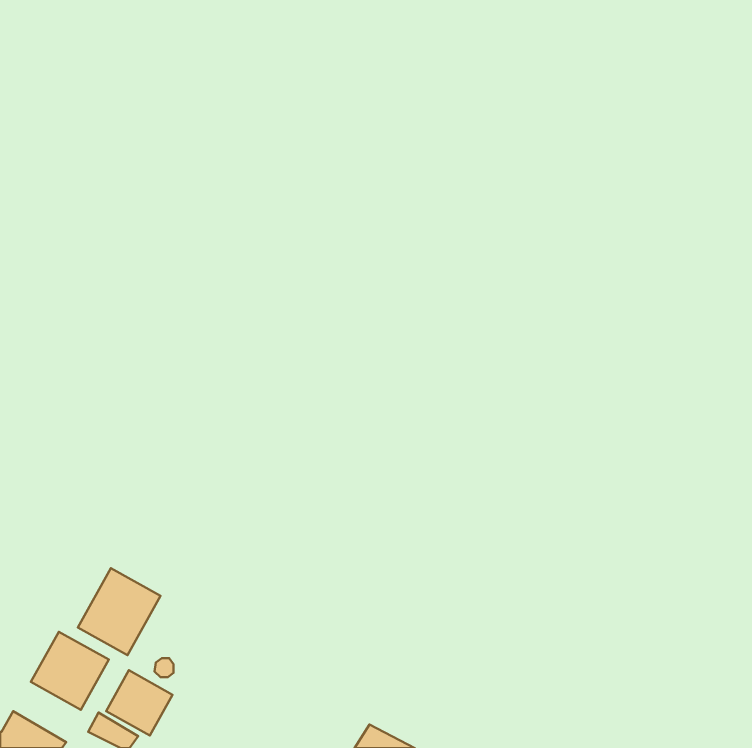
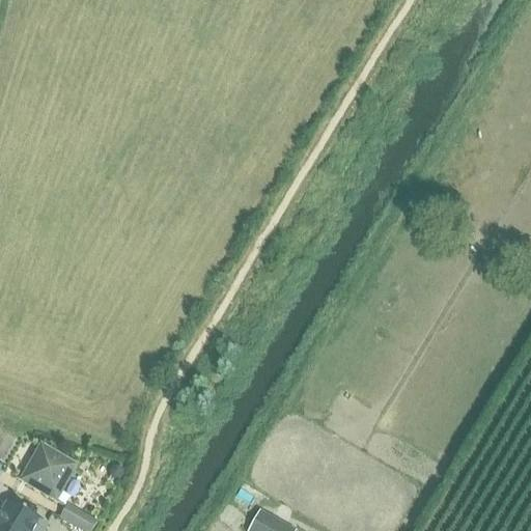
building: [78,568,160,655] -> none
building: [106,670,173,735] -> none

